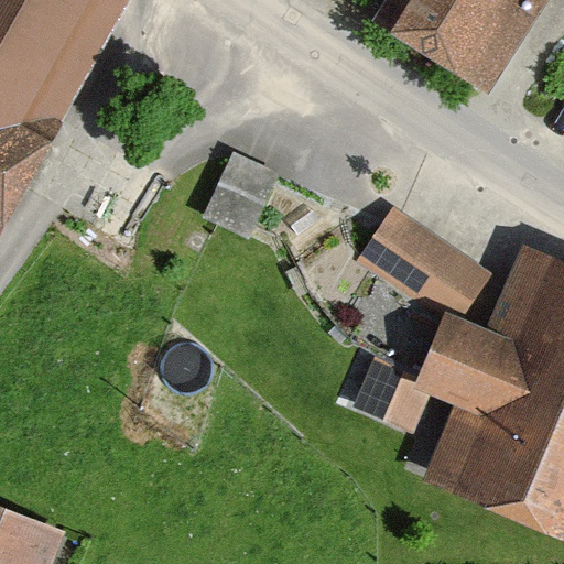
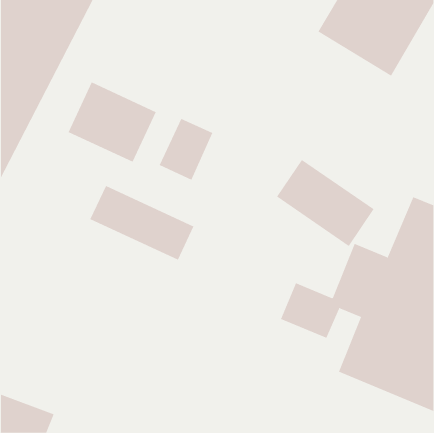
building: none -> [68,82,156,163]
building: none -> [90,185,194,261]

